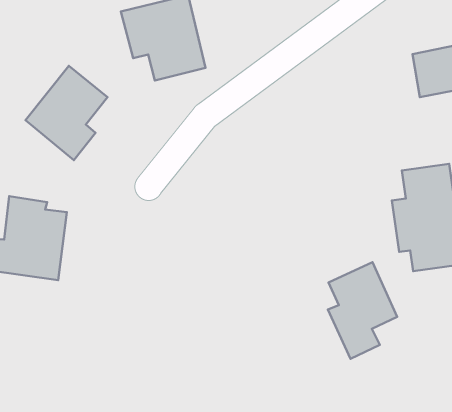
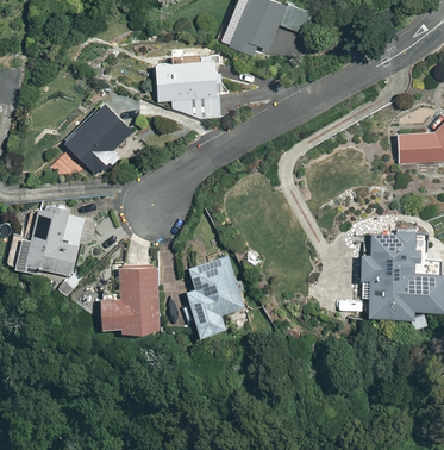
building: none -> [101,261,160,325]
building: [328,262,397,359] -> [187,256,244,335]

